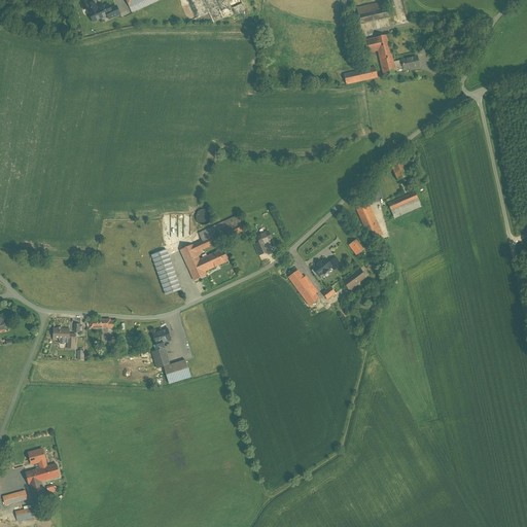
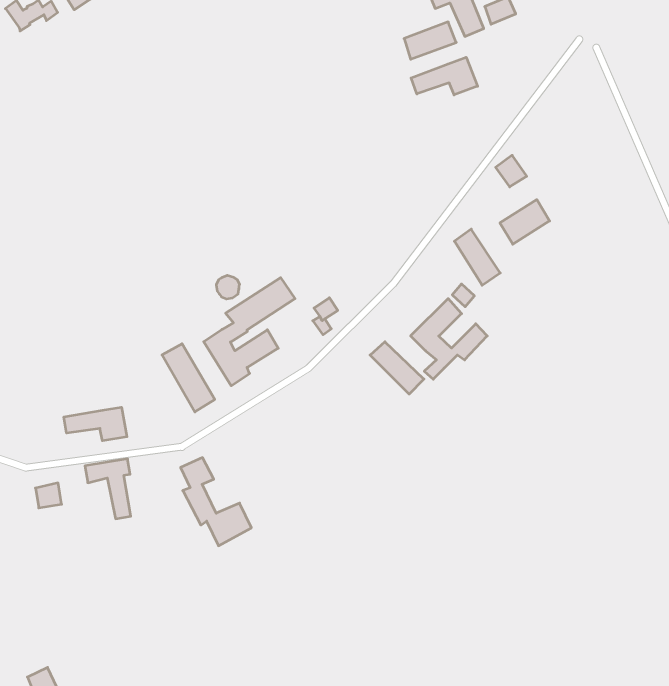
building: none -> [411,57,478,95]
building: none -> [64,407,127,441]

